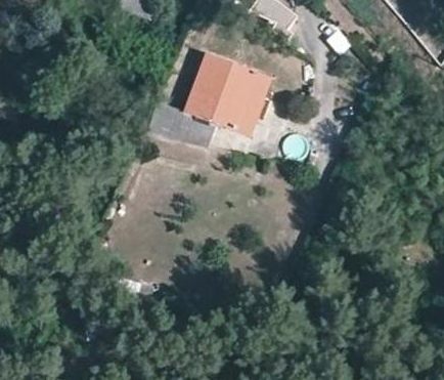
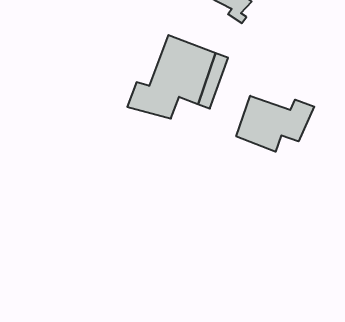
building: none -> [236,96,314,152]

